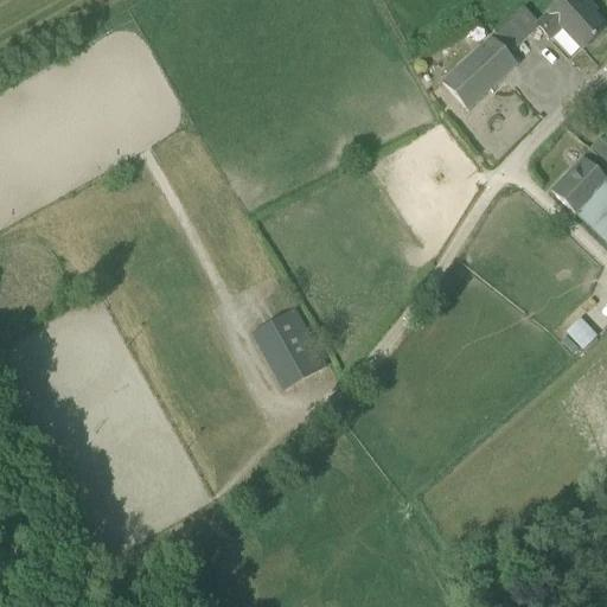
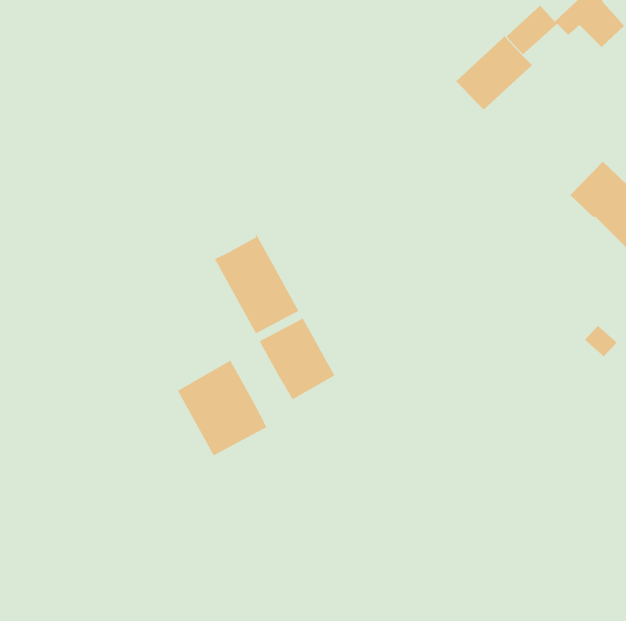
building: none -> [214,234,299,334]
building: none -> [177,360,267,456]

